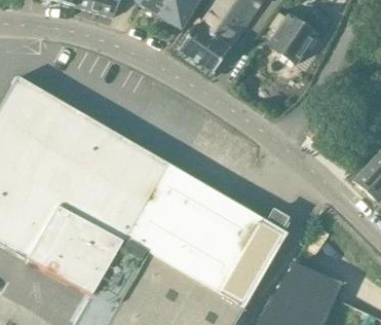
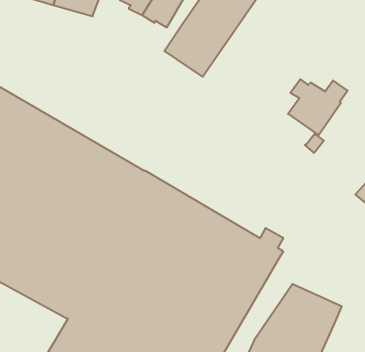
building: [268,12,322,64] -> [288,79,348,135]

